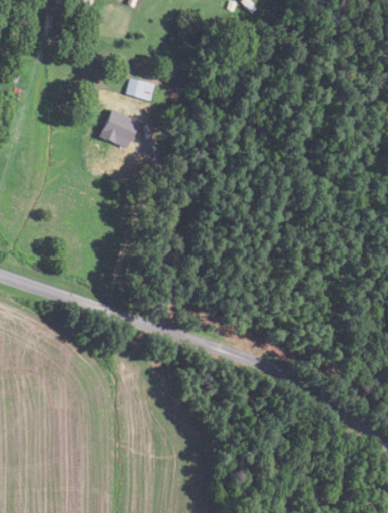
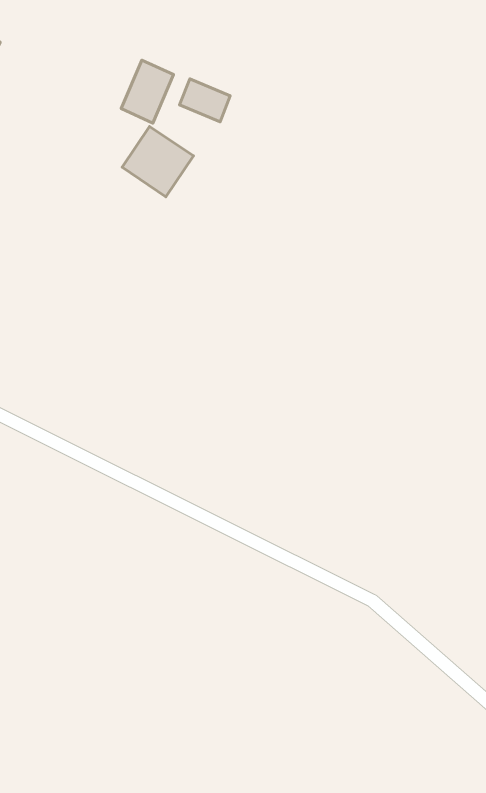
building: none -> [121,60,173,123]

